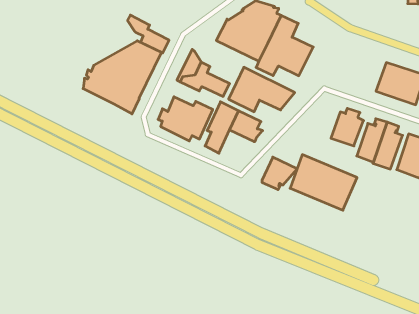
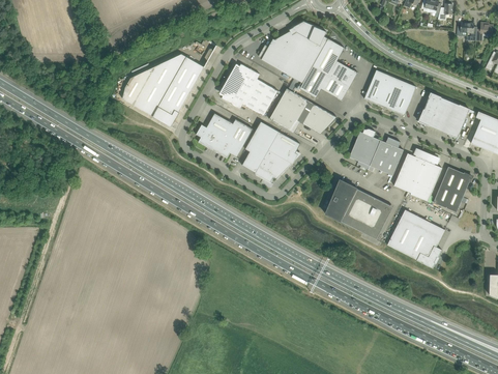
building: [128,15,169,53] -> [238,63,279,104]
building: none -> [364,70,416,115]
building: none -> [349,128,381,166]
building: [262,157,297,190] -> [256,150,292,183]
building: none -> [387,214,442,268]

